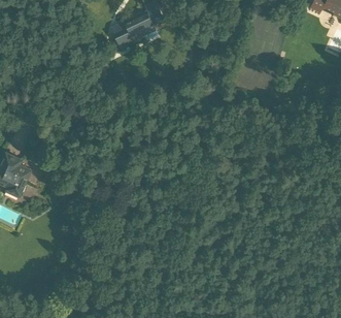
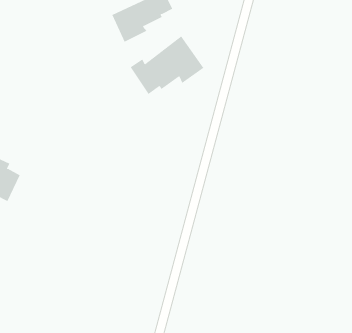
building: none -> [130,36,204,95]

